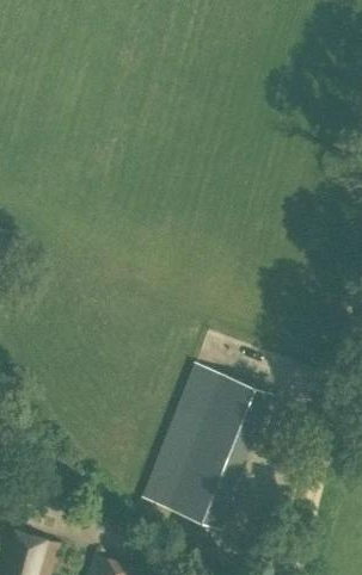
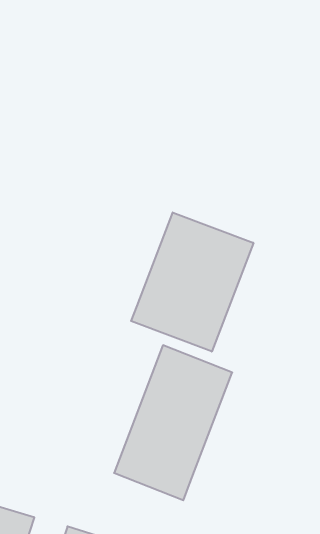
building: none -> [131,212,253,352]

